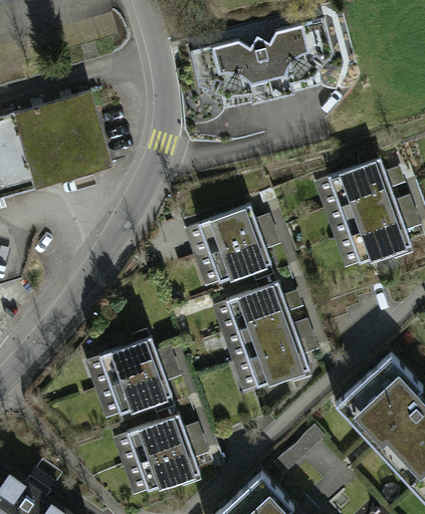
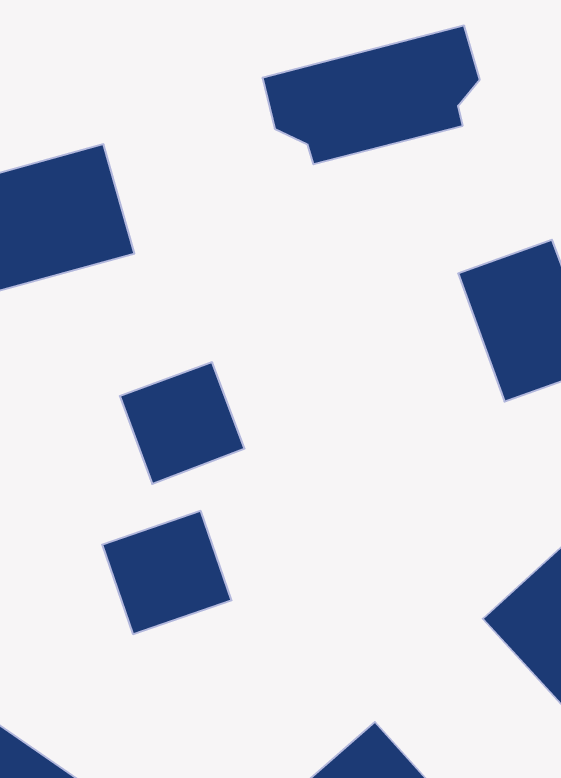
building: [189,207,270,286] -> [120,362,245,484]
building: [216,282,308,391] -> none
building: [120,413,198,492] -> none

